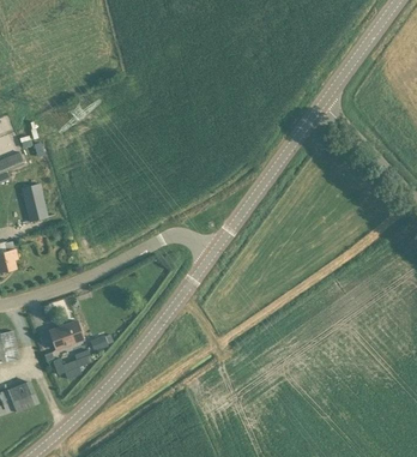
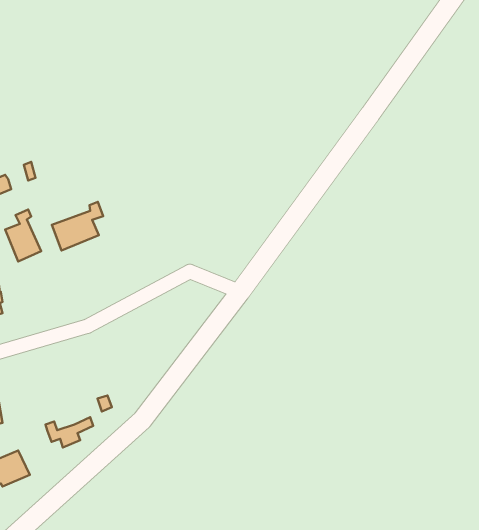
building: none -> [52,202,103,250]
building: [48,320,83,349] -> none

